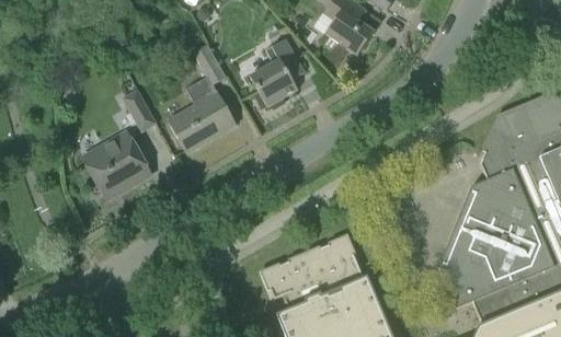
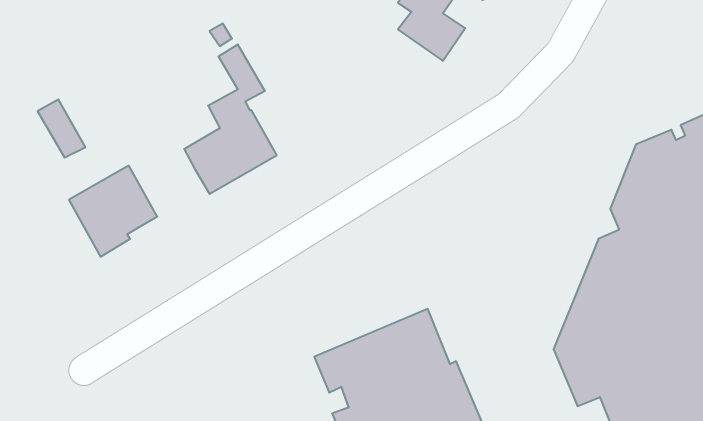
building: [250,38,305,106] -> none
building: [122,89,157,131] -> [38,99,85,158]

